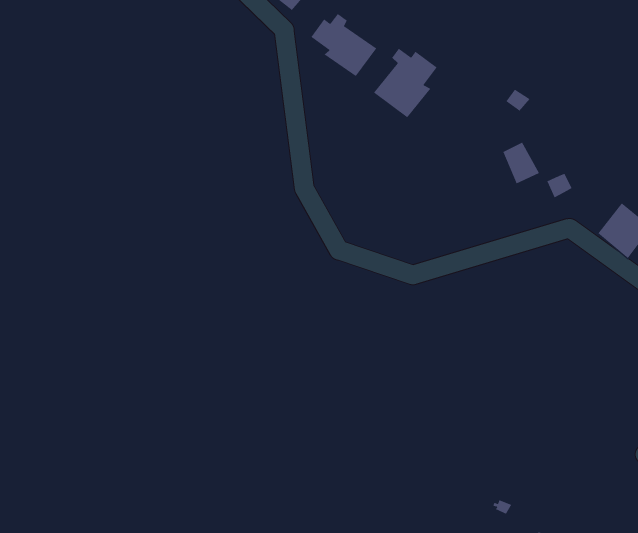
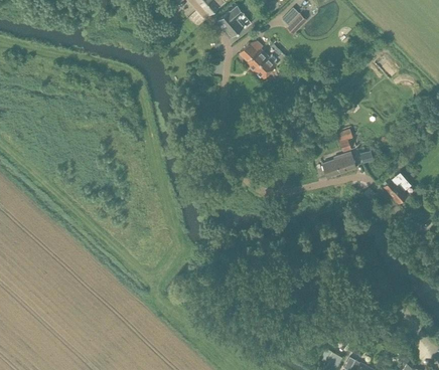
building: [373,48,437,118] -> none
building: none -> [321,151,354,176]

